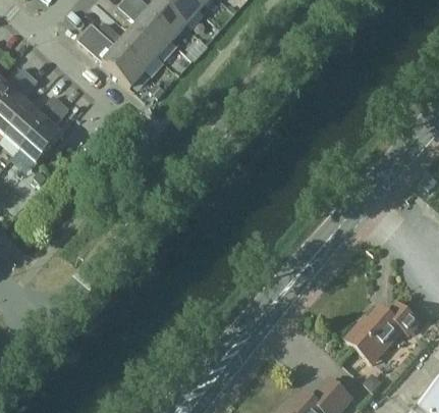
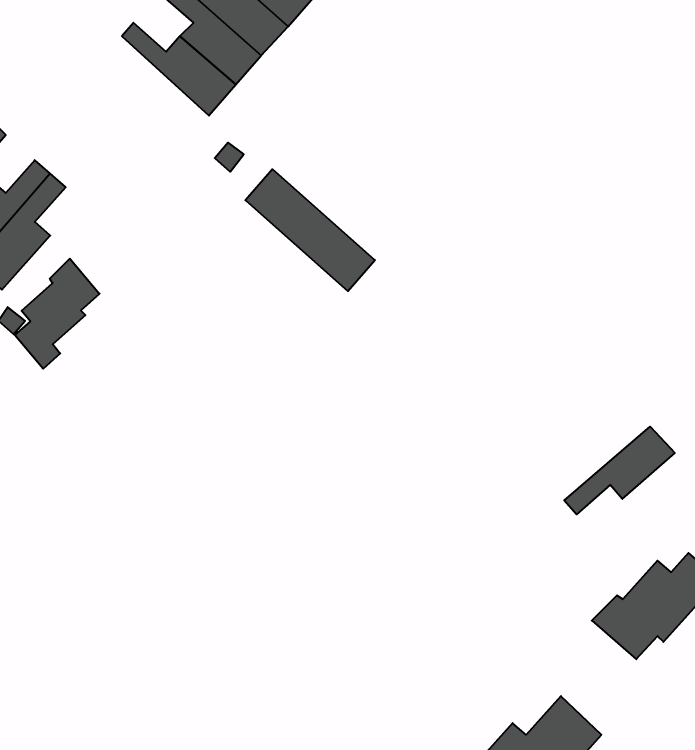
building: [76,23,145,88] -> [245,169,375,291]
building: none -> [15,259,100,369]
building: none -> [564,427,675,514]

